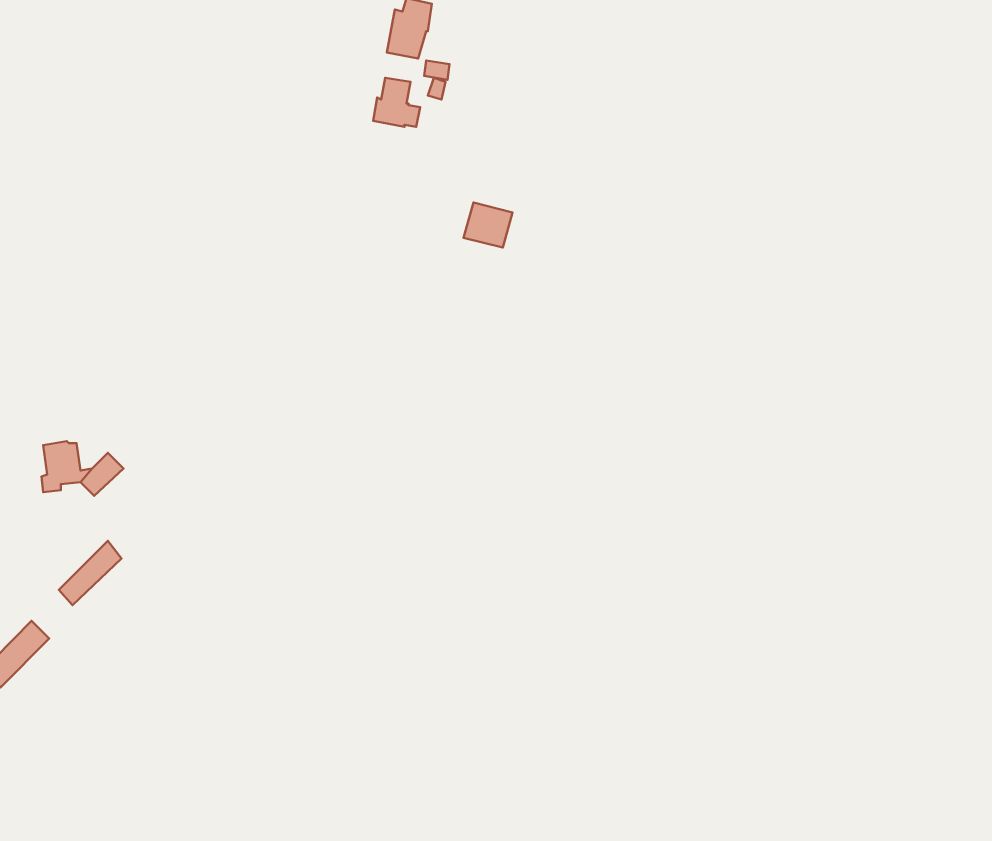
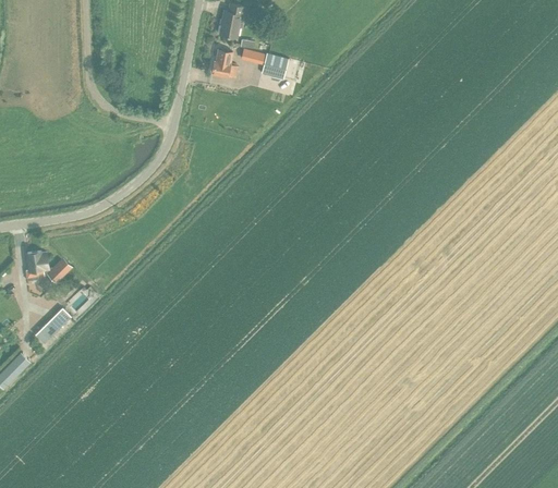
building: [464,203,512,248] -> [260,53,288,78]

